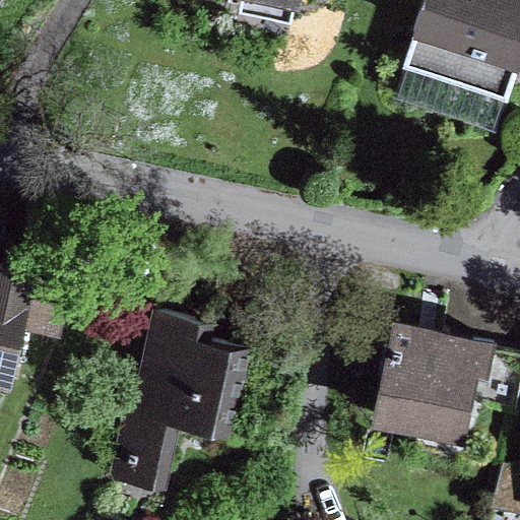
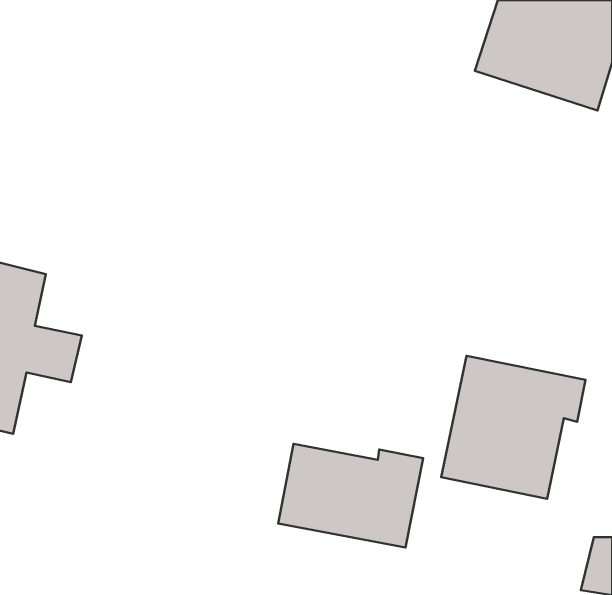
building: [116,311,253,488] -> none
building: none -> [278,444,423,548]

